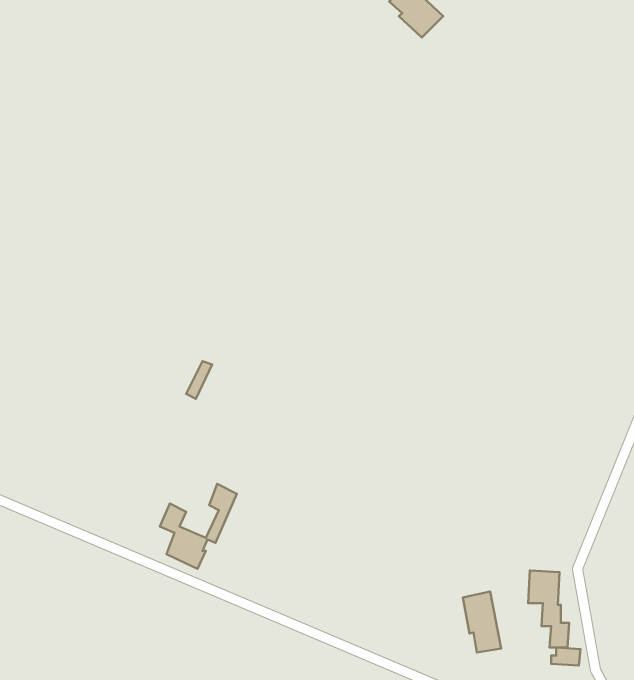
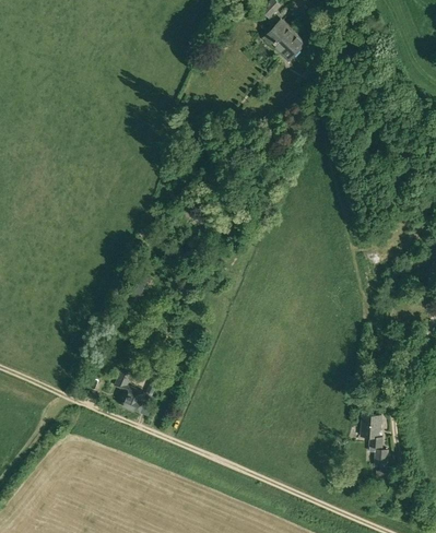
building: [463,591,501,653] -> none

